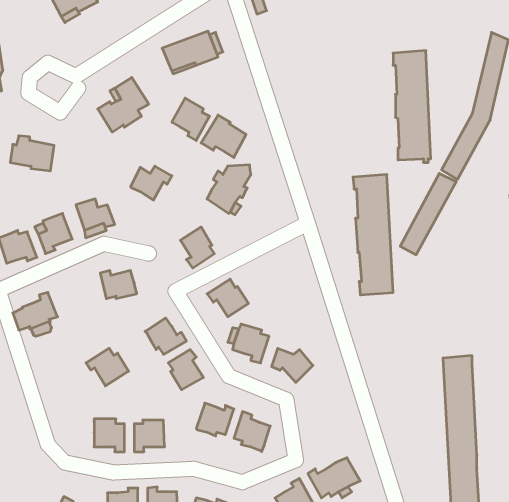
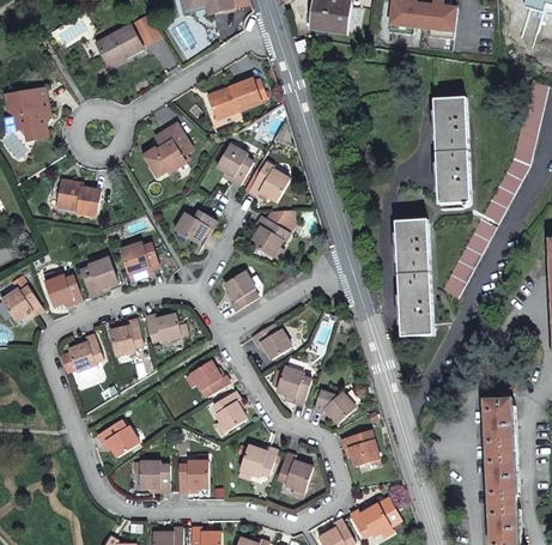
building: none -> [109,319,144,356]
building: [86,348,129,386] -> [97,420,139,458]
building: none -> [340,430,380,467]

